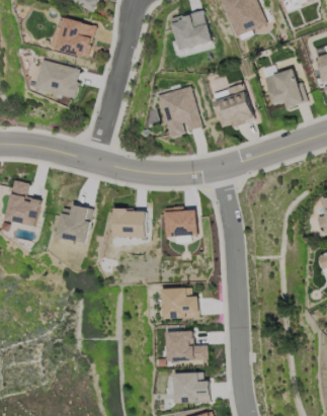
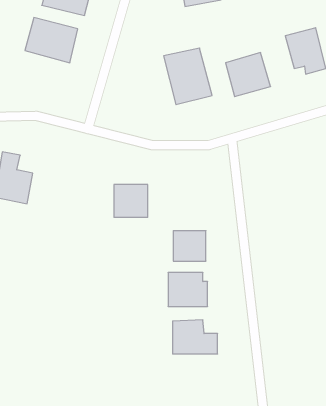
building: [56,205,91,244] -> none
building: [166,210,195,237] -> [173,231,206,261]
building: [174,372,208,403] -> none

